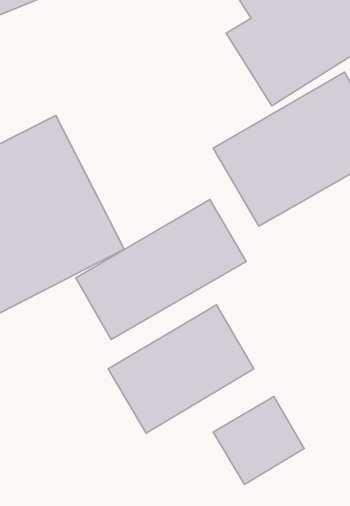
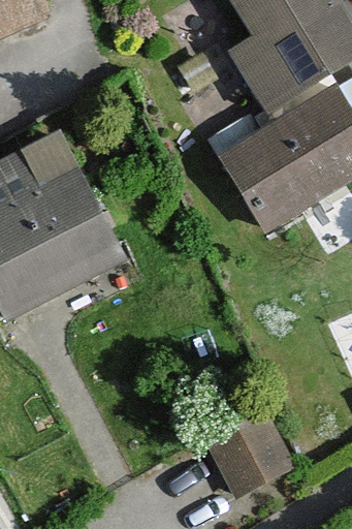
building: [76,199,246,340] -> none
building: [108,305,254,433] -> none

